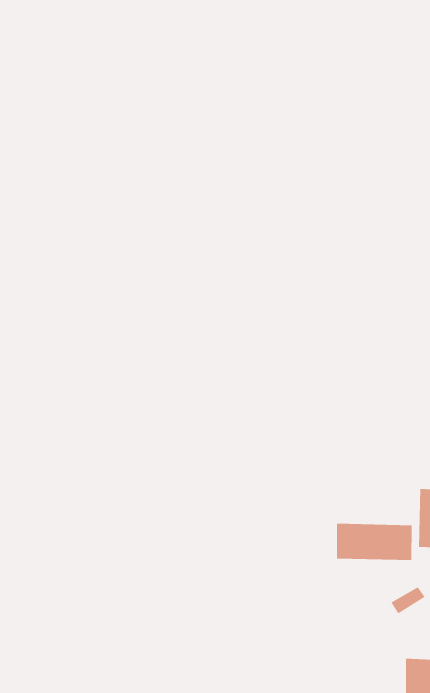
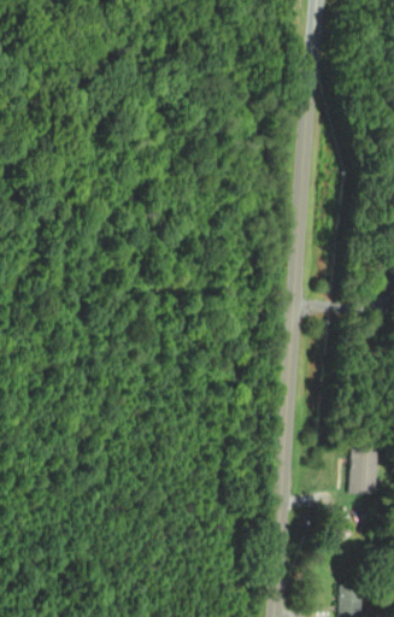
building: [336,523,412,561] -> none

